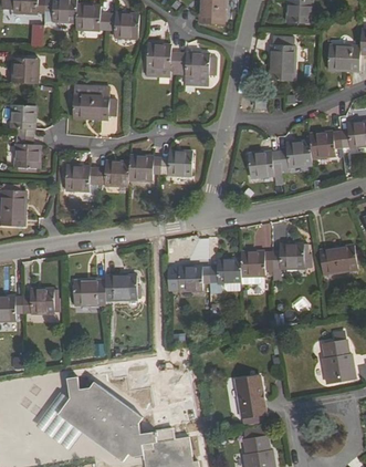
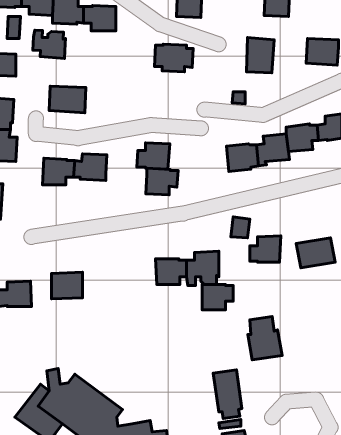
building: none -> [33,30,65,59]
building: [147,43,178,73] -> none
building: [128,155,160,181] -> [146,168,178,195]
building: [241,251,272,277] -> [202,284,233,310]
building: [105,274,136,301] -> none
building: [322,341,356,384] -> [248,317,282,360]

